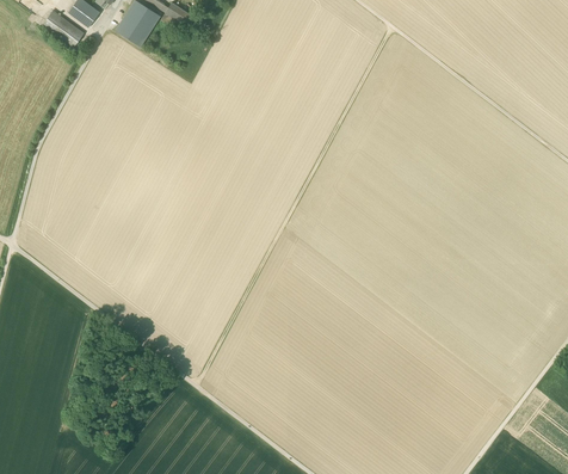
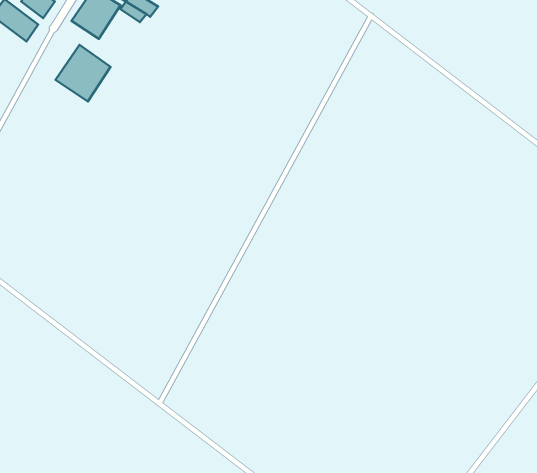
building: none -> [56,45,110,101]

